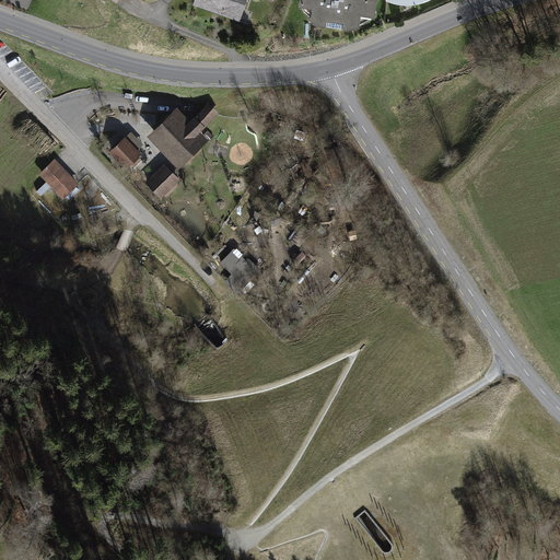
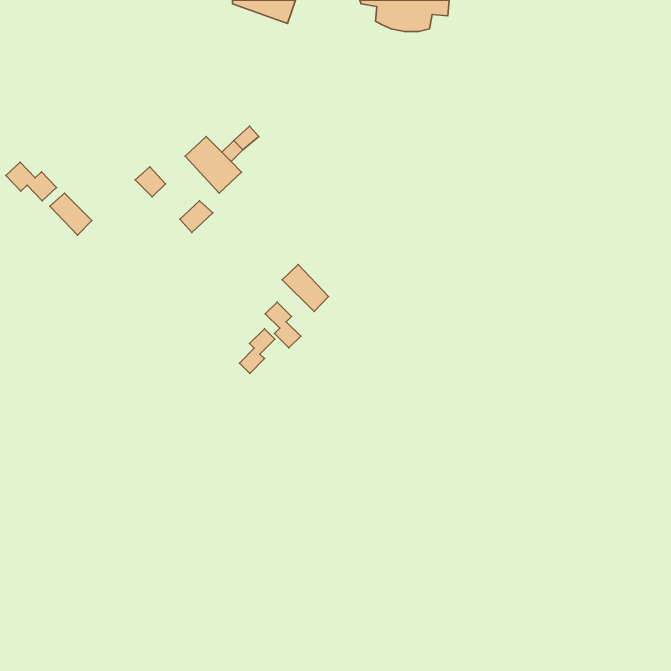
building: none -> [6,162,56,201]
building: none -> [282,265,329,312]
building: none -> [239,329,275,373]

